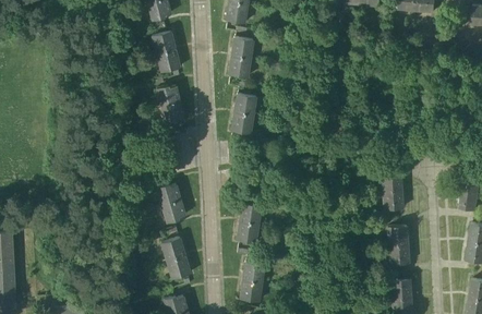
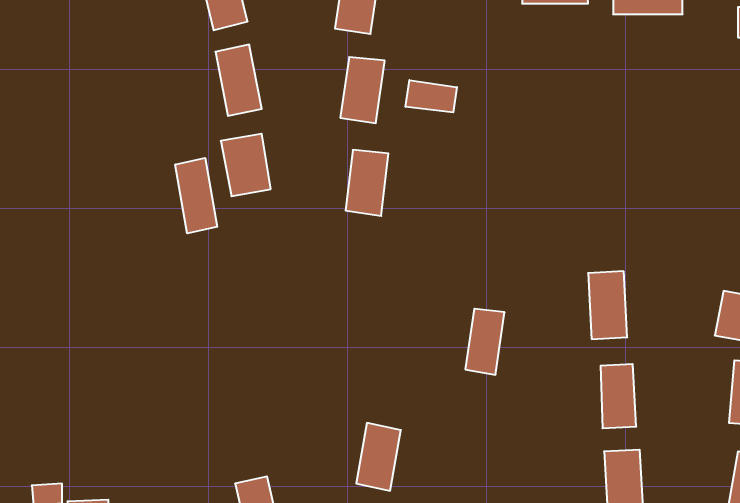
building: none -> [406,80,457,112]
building: none -> [175,158,217,233]
building: [154,181,186,222] -> none
building: [234,202,258,242] -> [465,309,505,375]
building: [158,236,191,279] -> none

